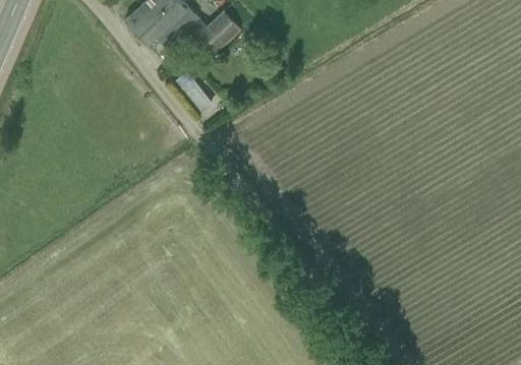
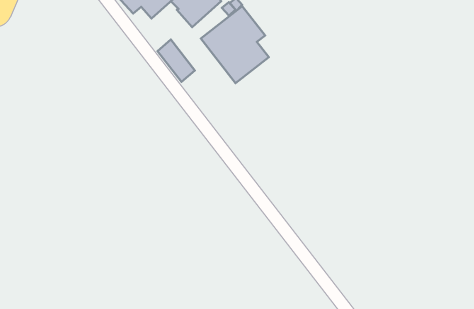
building: none -> [201,6,269,83]

